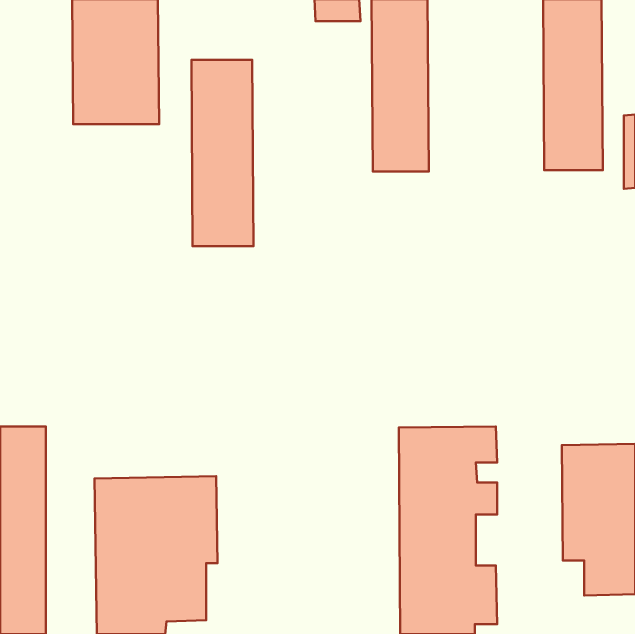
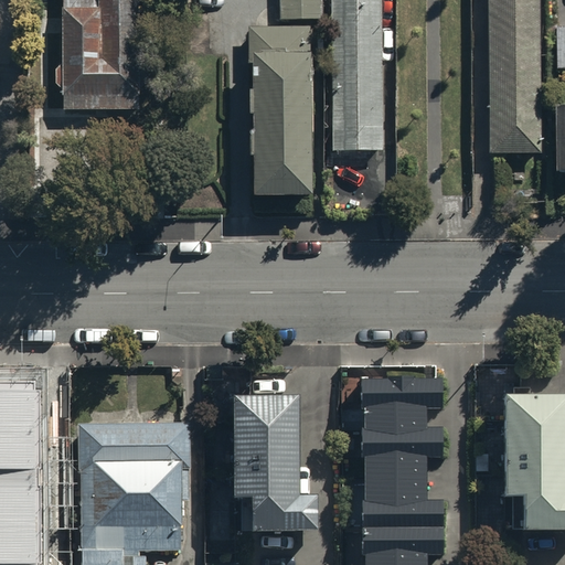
building: [191,60,254,246] -> [256,31,311,196]
building: none -> [237,393,321,527]

